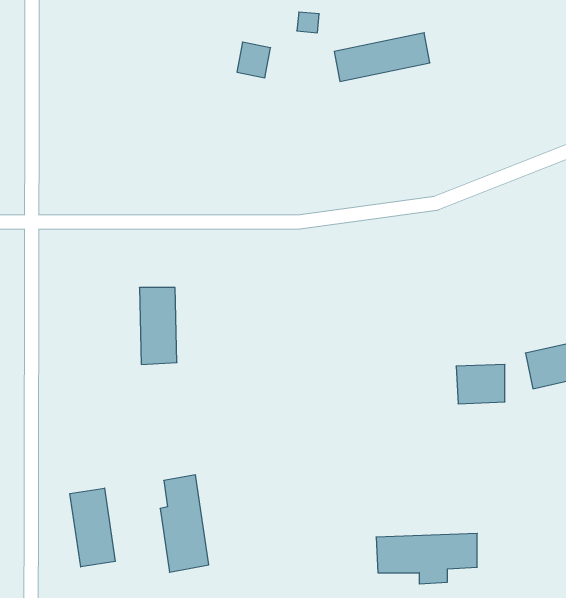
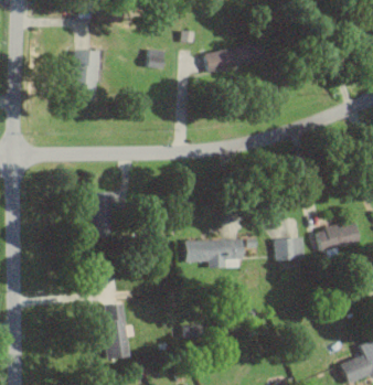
building: none -> [68,50,96,100]
building: [70,488,115,567] -> none
building: [376,533,477,584] -> [183,238,243,268]

